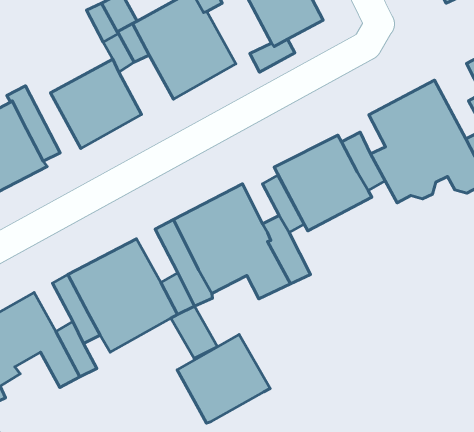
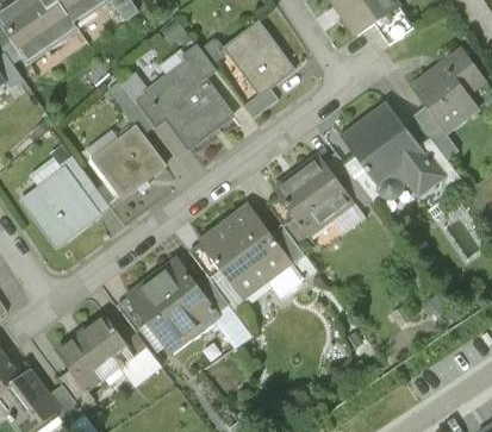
building: [177,334,270,423] -> none

